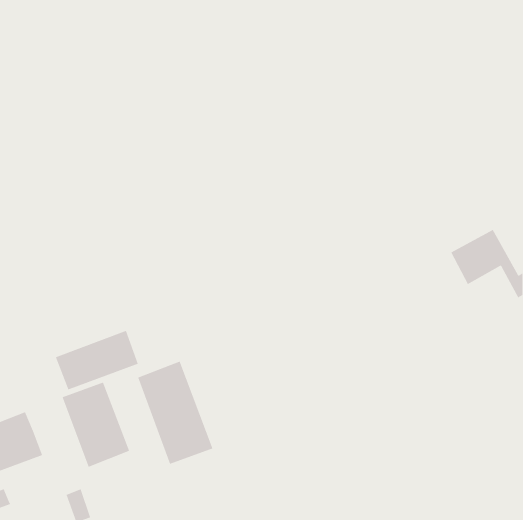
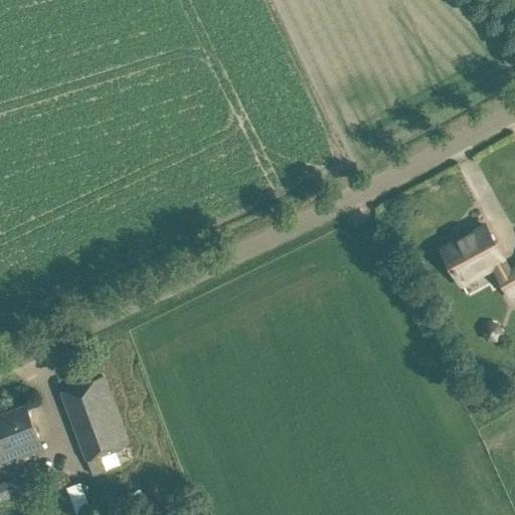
building: [55,330,139,391] -> none
building: [137,360,214,465] -> none

